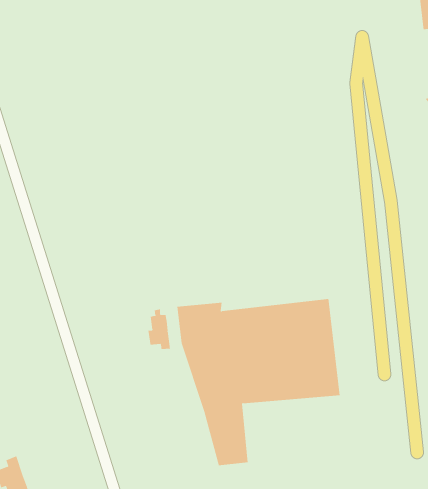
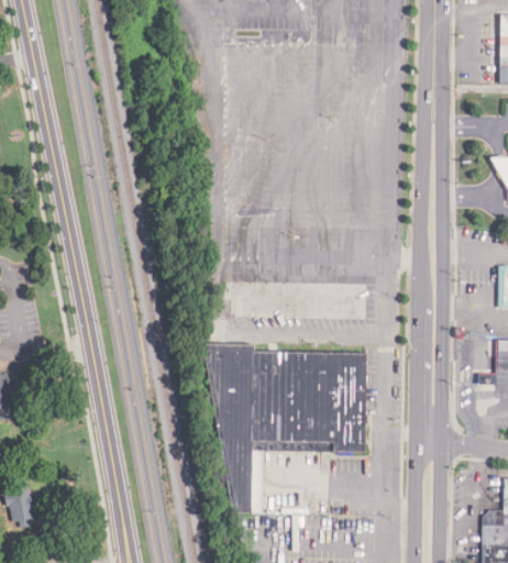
building: [148,309,171,350] -> none

